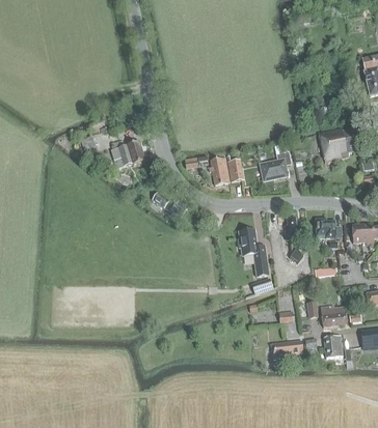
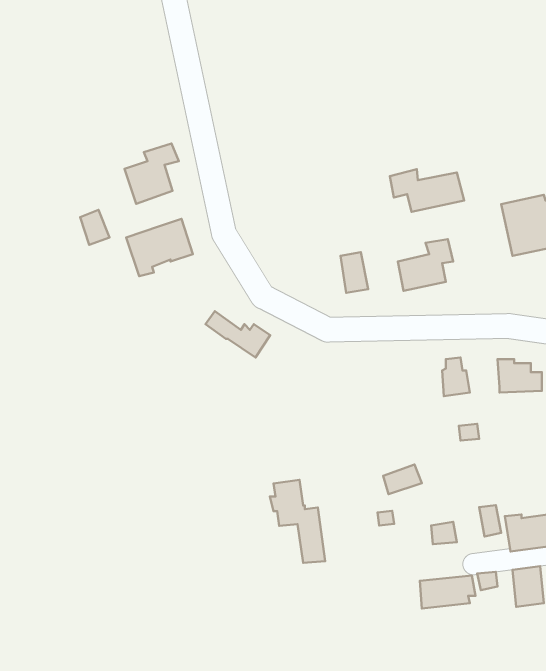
building: none -> [125,144,179,204]
building: none -> [390,169,464,212]
building: [210,156,230,184] -> none
building: [237,229,268,276] -> [270,480,325,563]

